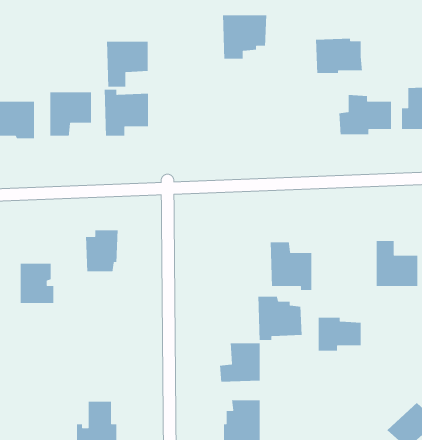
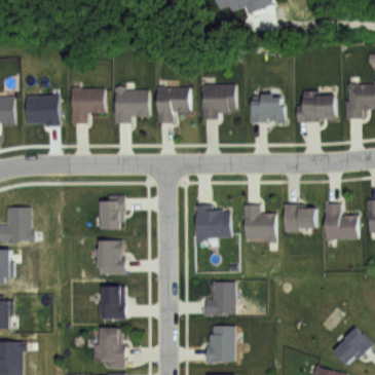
building: [222,14,267,60] -> [201,84,236,119]
building: [315,38,363,74] -> [249,95,286,122]
building: [106,41,149,87] -> [157,87,190,123]
building: [20,263,54,304] -> [98,241,124,273]
building: [257,296,303,341] -> [195,205,230,240]
building: [318,317,362,351] -> [284,204,317,231]
building: none -> [100,287,123,320]

